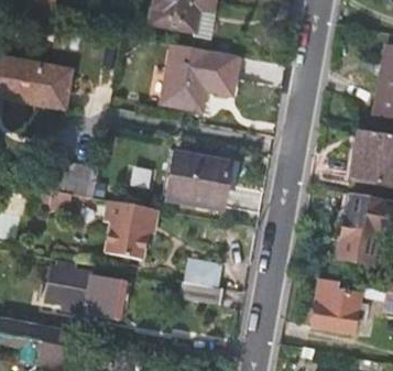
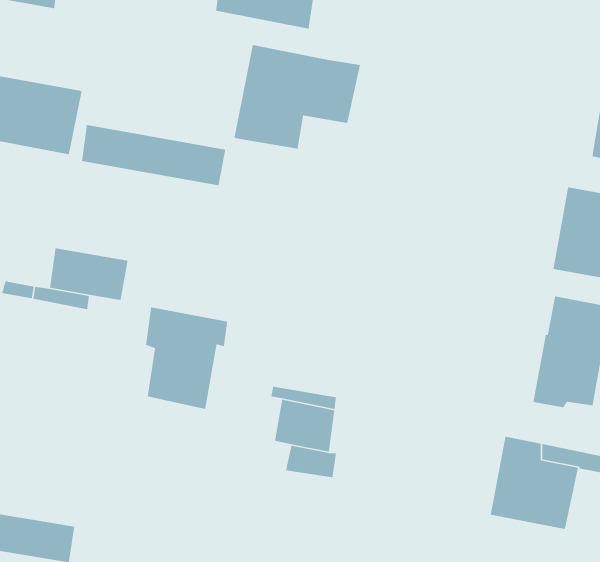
building: none -> [81,124,226,186]
building: [165,154,226,206] -> none
building: [45,260,120,319] -> none

